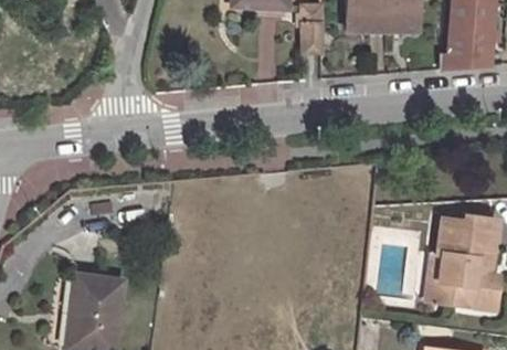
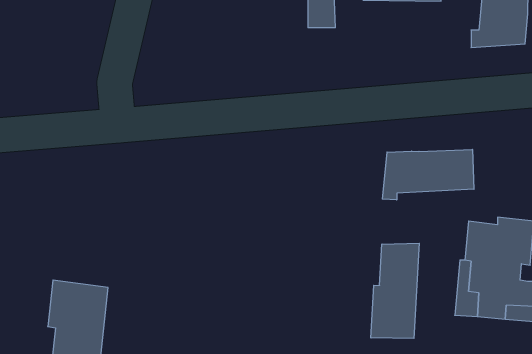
building: none -> [382,149,474,200]
building: none -> [371,243,419,338]

